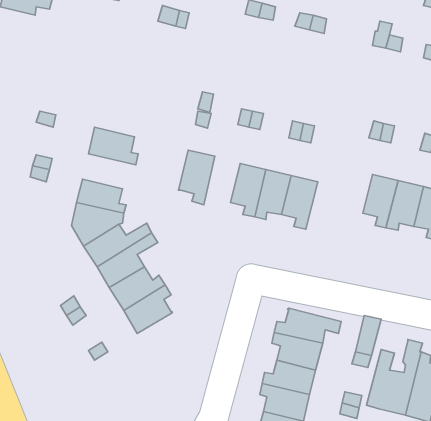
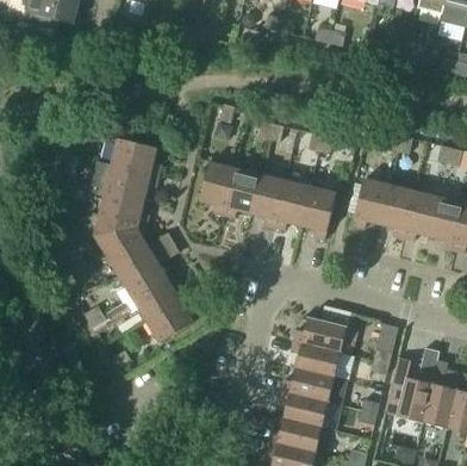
building: none -> [105,164,157,199]
building: none -> [224,167,260,217]
building: none -> [351,179,390,228]

